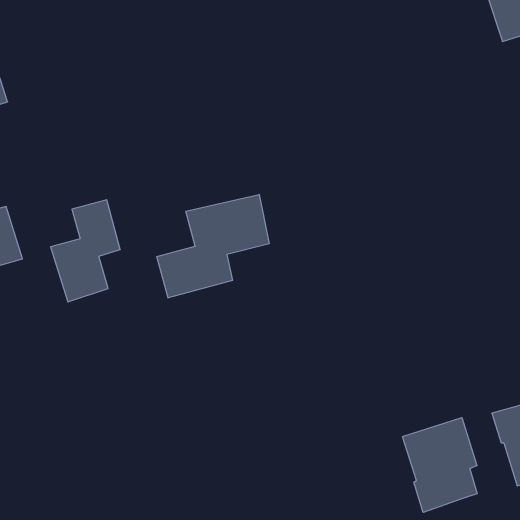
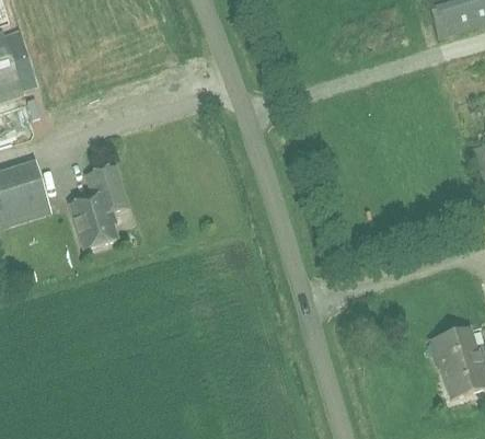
building: [157,194,269,298] -> none
building: [403,418,477,512] -> none

